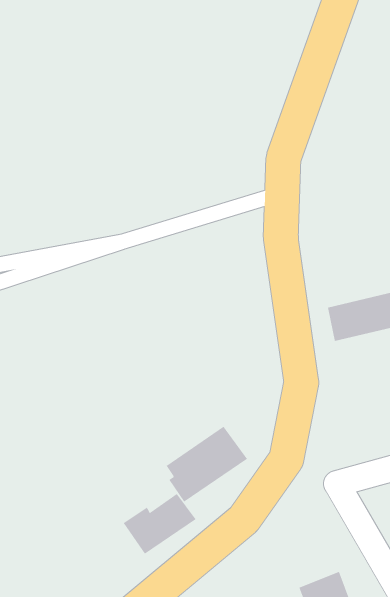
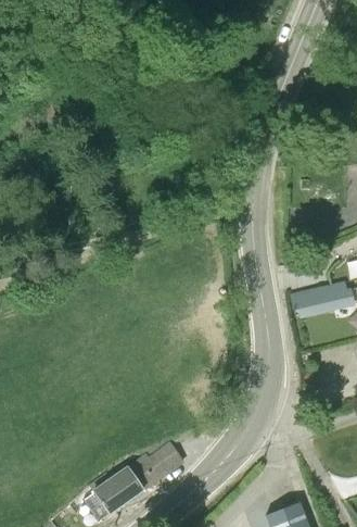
building: [166,426,248,503] -> none
building: none -> [92,465,144,515]

